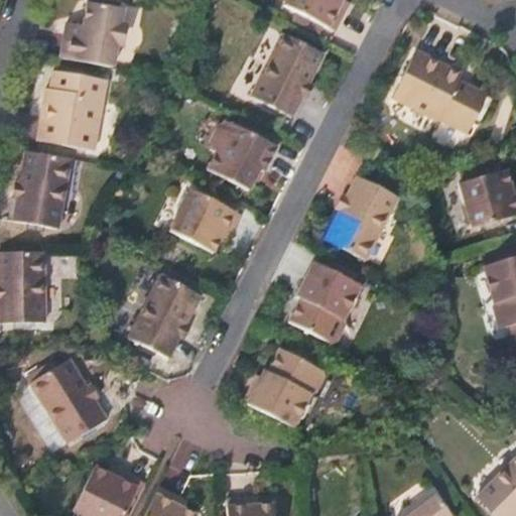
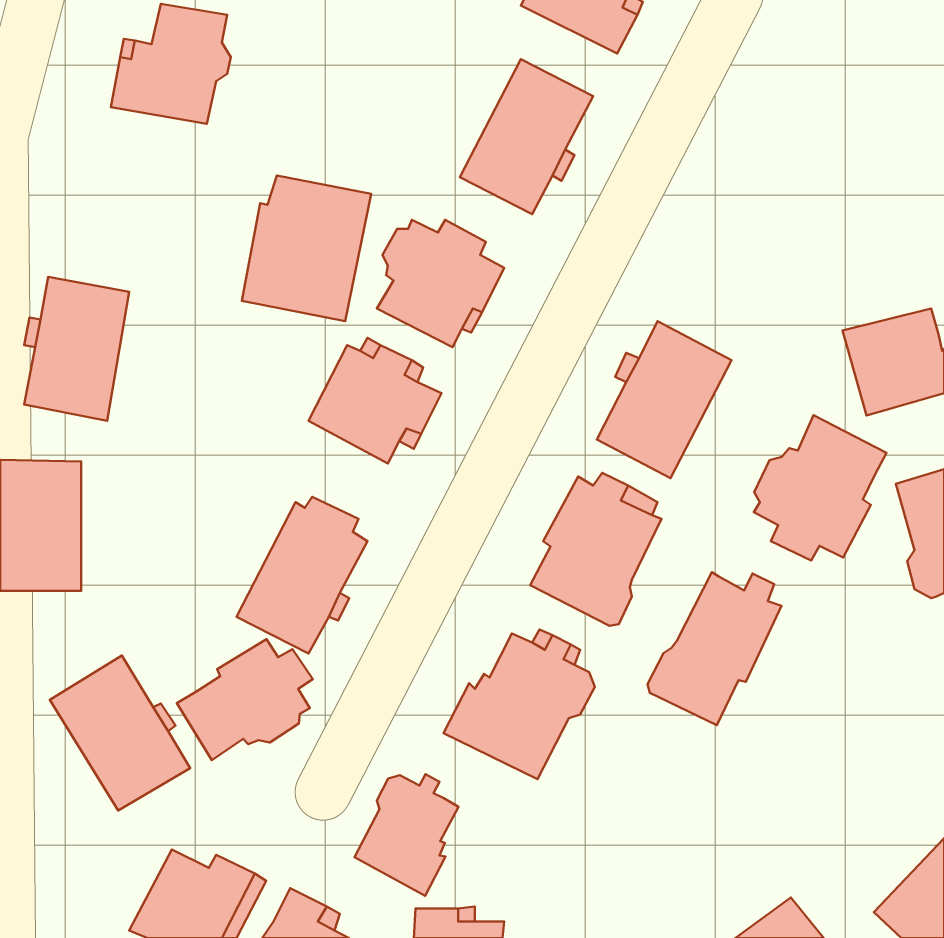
building: [392,49,497,131] -> none
building: [36,71,107,150] -> [242,175,371,321]
building: none -> [754,415,886,560]
building: none -> [647,572,782,725]
building: none -> [177,639,313,760]
building: none -> [354,774,459,896]

